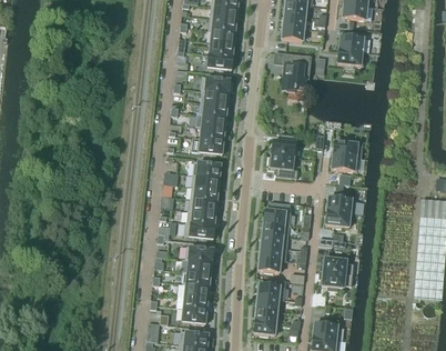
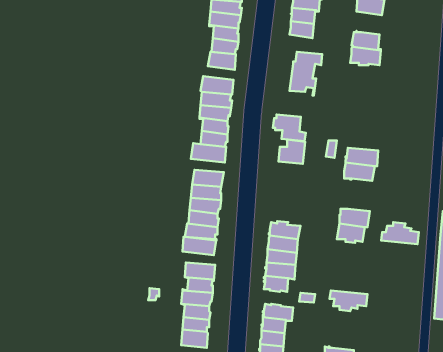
building: [267,153,297,178] -> [273,114,306,141]
building: [318,254,353,274] -> [381,222,419,244]

